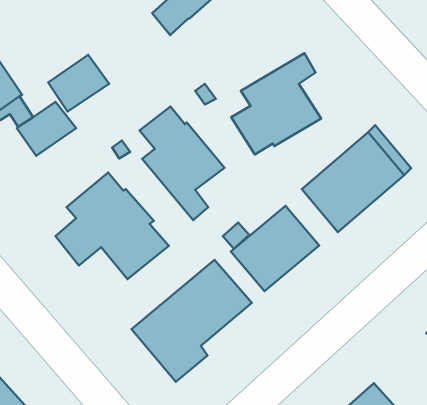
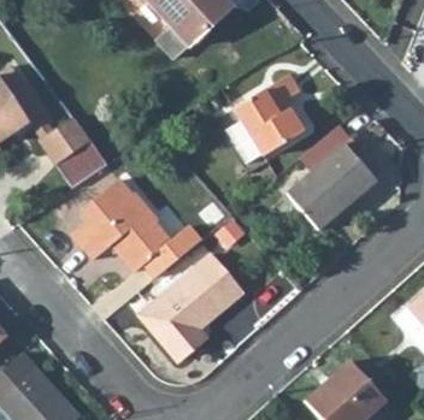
building: [48,55,109,112] -> [55,140,108,189]
building: [139,107,224,220] -> none
building: [231,206,319,291] -> none

